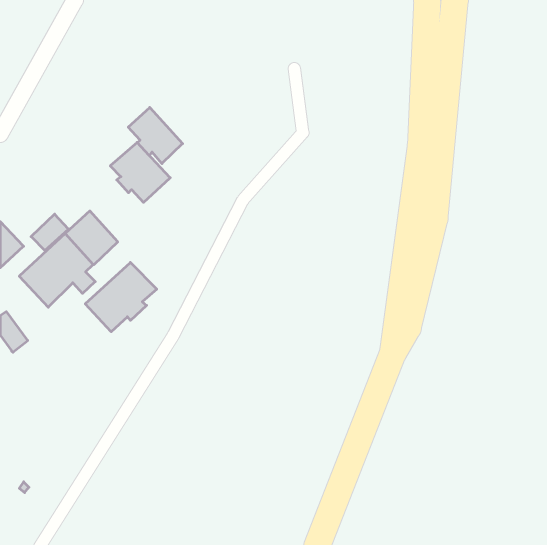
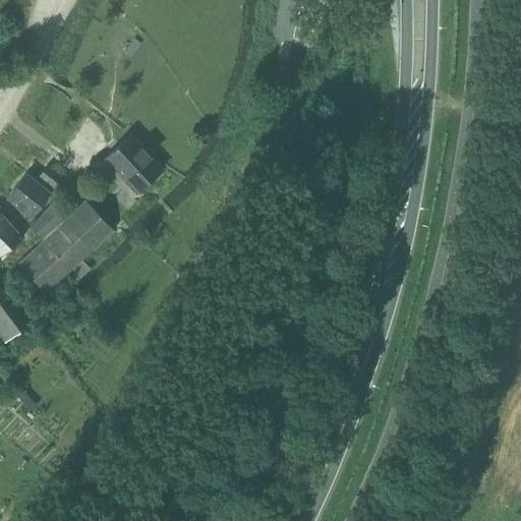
building: [128,107,183,164] -> none
building: none -> [7,168,63,218]
building: [85,262,157,332] -> none

